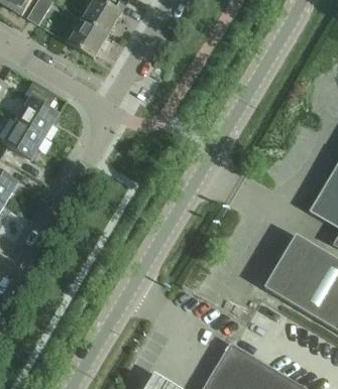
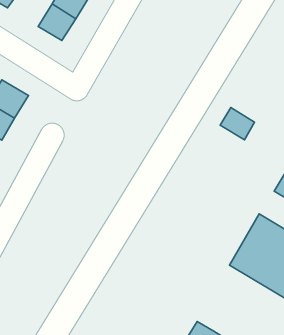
building: none -> [220,107,255,140]

